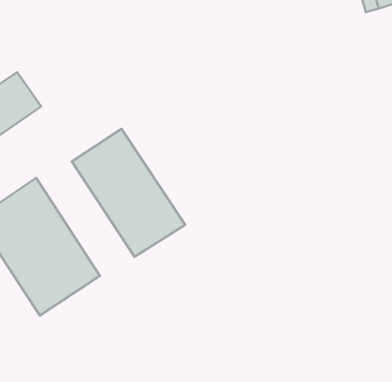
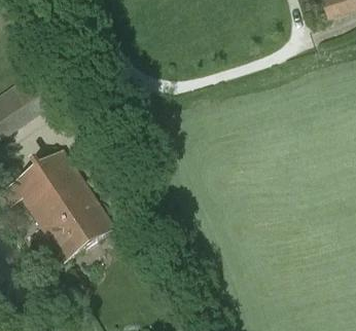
building: [72,129,185,257] -> none

